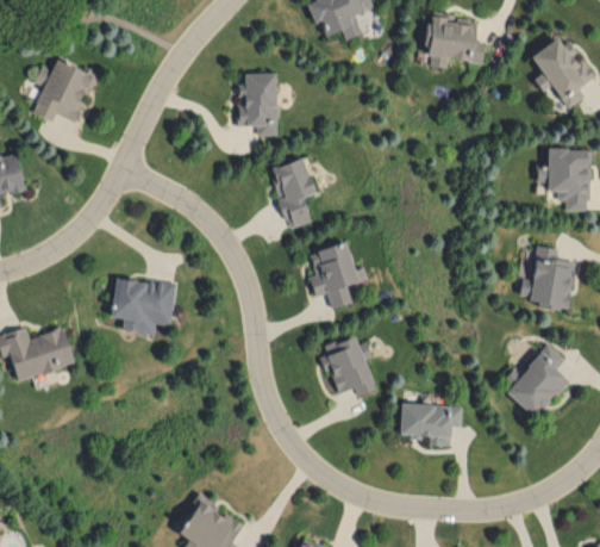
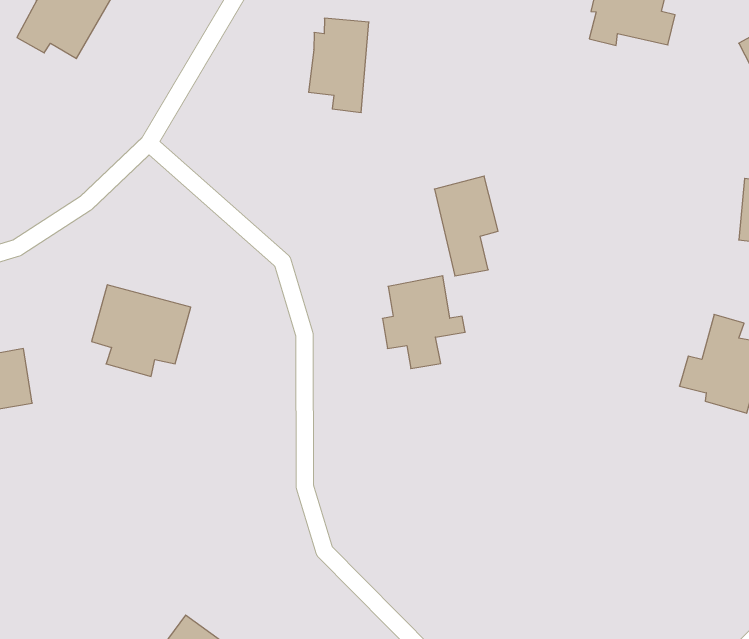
building: [268,157,315,229] -> [434,176,498,276]
building: [324,336,377,397] -> none
building: [506,344,570,418] -> none
building: [400,404,463,446] -> none

